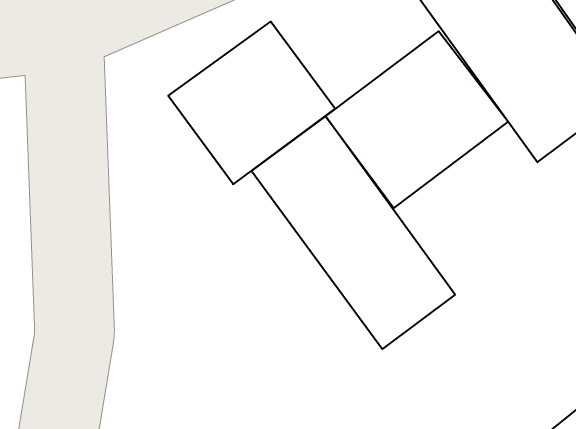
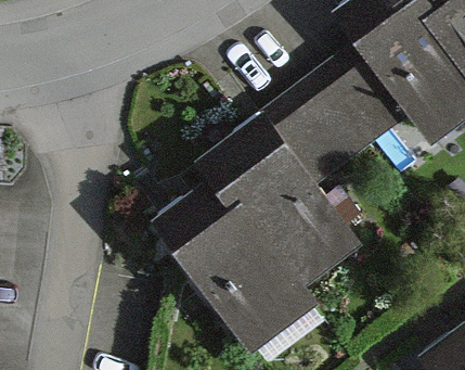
building: [168,22,335,184] -> none
building: none -> [163,177,312,347]

